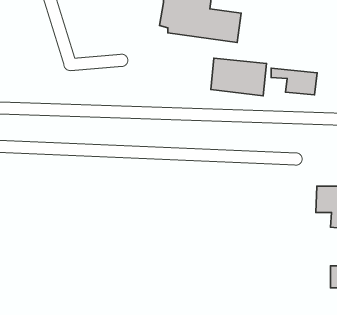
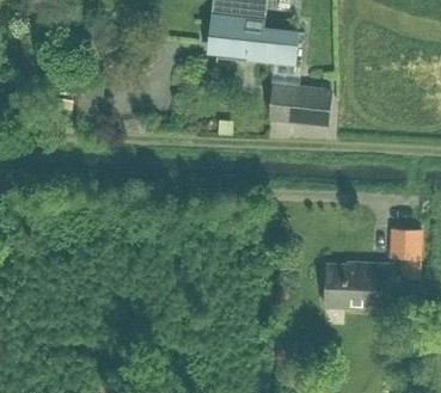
building: [271,68,317,95] -> none
building: none -> [323,262,386,308]

